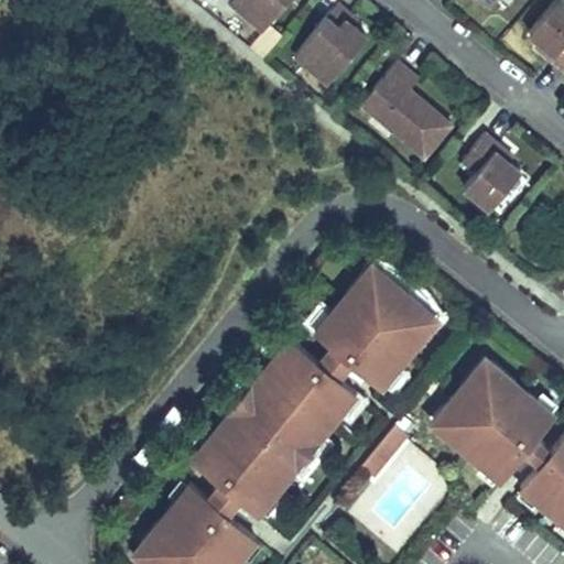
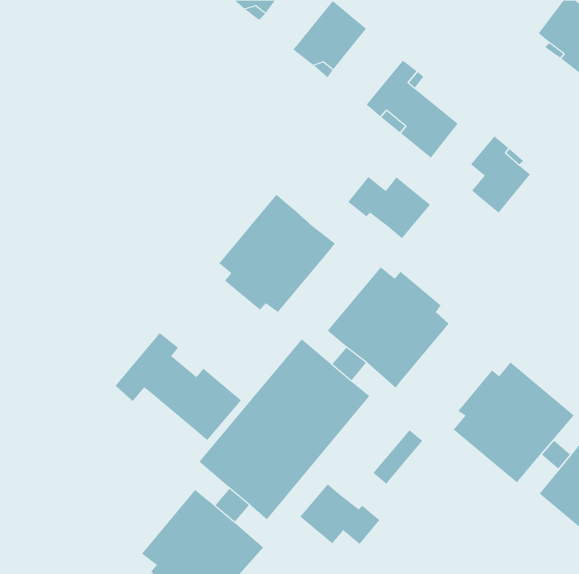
building: none -> [348,176,431,239]
building: none -> [219,194,335,313]
building: none -> [115,332,242,441]
building: none -> [300,484,380,545]

